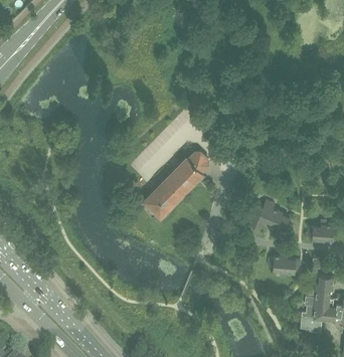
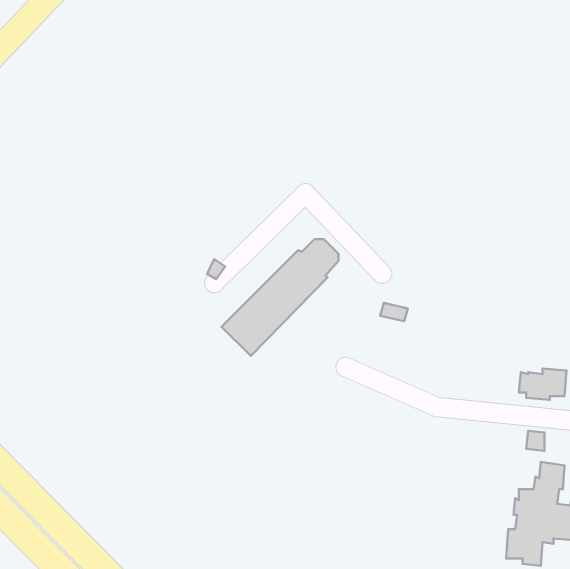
building: [247,200,289,230] -> none
building: [269,255,299,273] -> none

